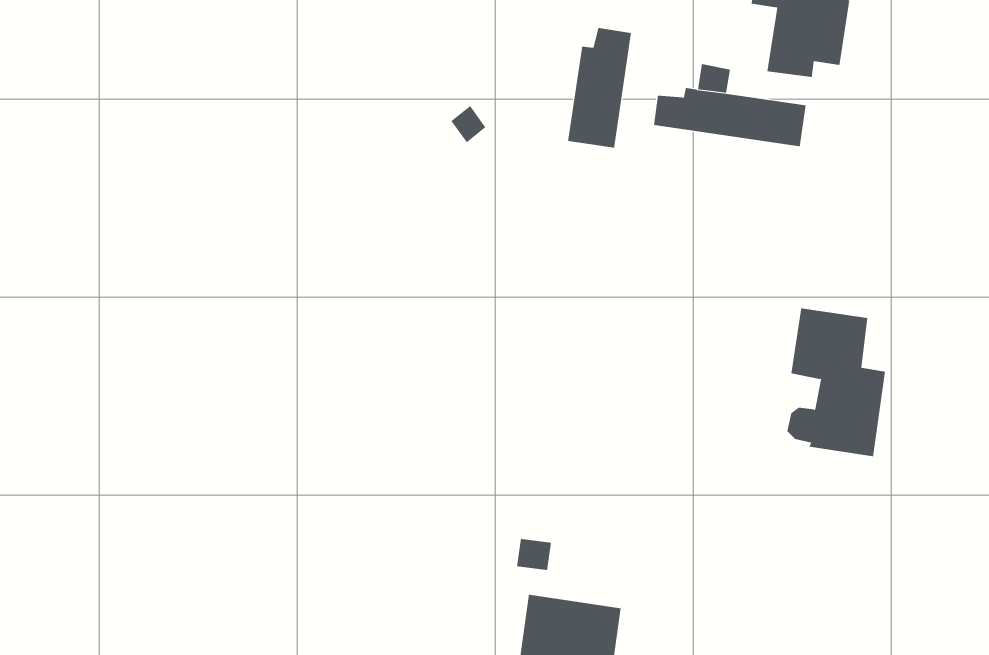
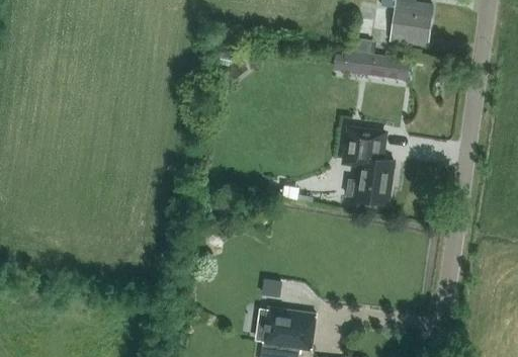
building: [568,27,632,149] -> none
building: [787,308,886,457] -> [343,129,394,205]

